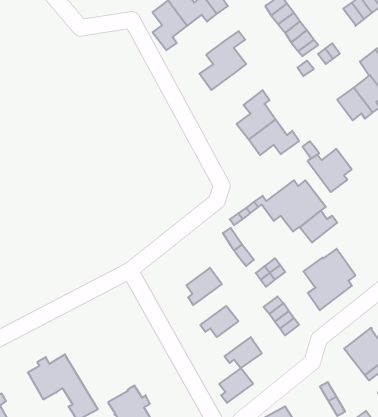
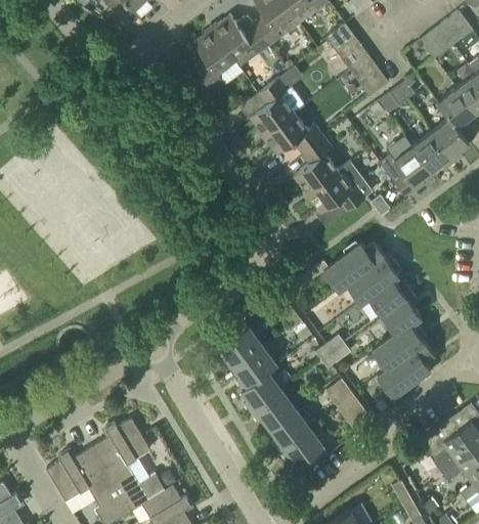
building: none -> [264,113,324,154]
building: [308,149,352,192] -> [379,147,431,199]
building: none -> [383,293,421,335]
building: none -> [217,326,262,366]
building: none -> [243,372,281,413]
building: none -> [91,419,166,513]
building: [219,368,253,403] -> [270,409,310,450]

